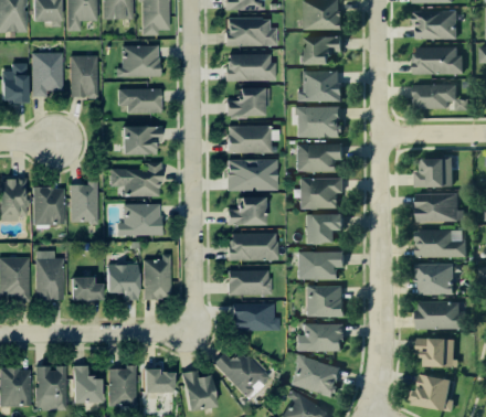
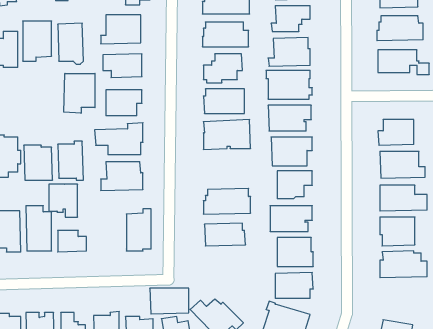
building: none -> [64,73,95,113]
building: [226,199,264,225] -> none
building: [106,265,137,300] -> [49,184,78,217]
building: [232,303,274,331] -> [150,288,189,314]
building: [418,338,458,367] -> none

